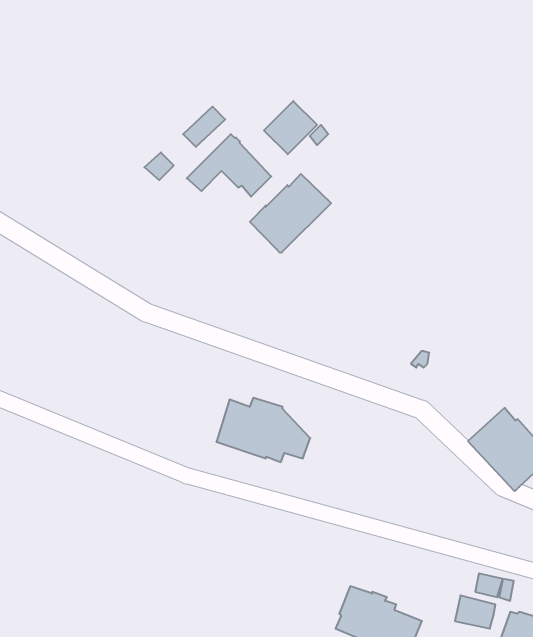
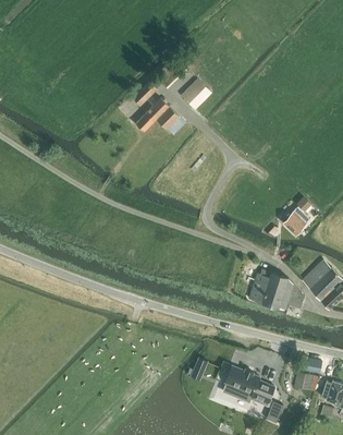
building: [250,174,331,253] -> none
building: none -> [282,194,311,234]
building: [216,398,310,462] -> [248,271,304,310]

